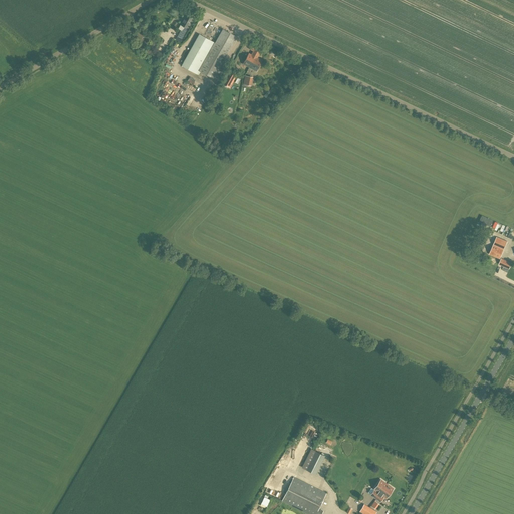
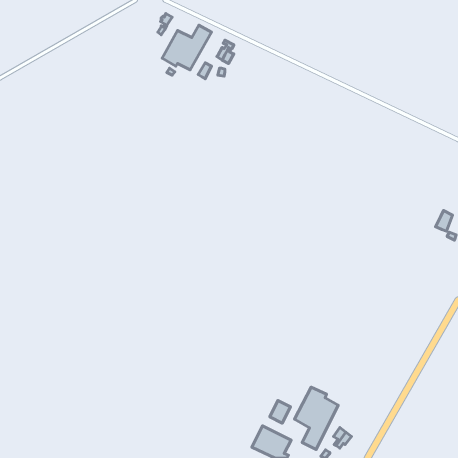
building: none -> [295,387,338,449]

